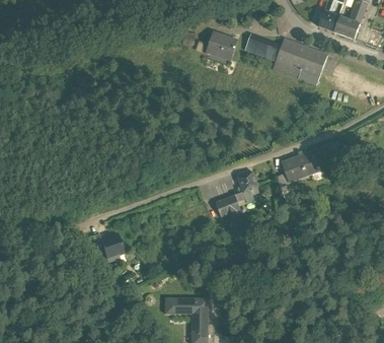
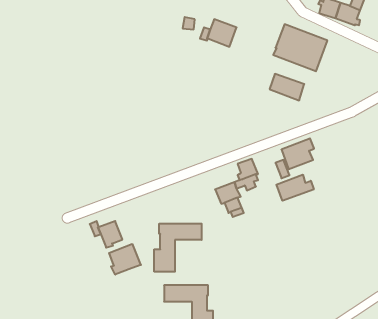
building: [244,35,279,61] -> [270,74,304,100]
building: none -> [276,175,314,201]
building: none -> [154,224,202,272]
building: none -> [109,244,141,275]

